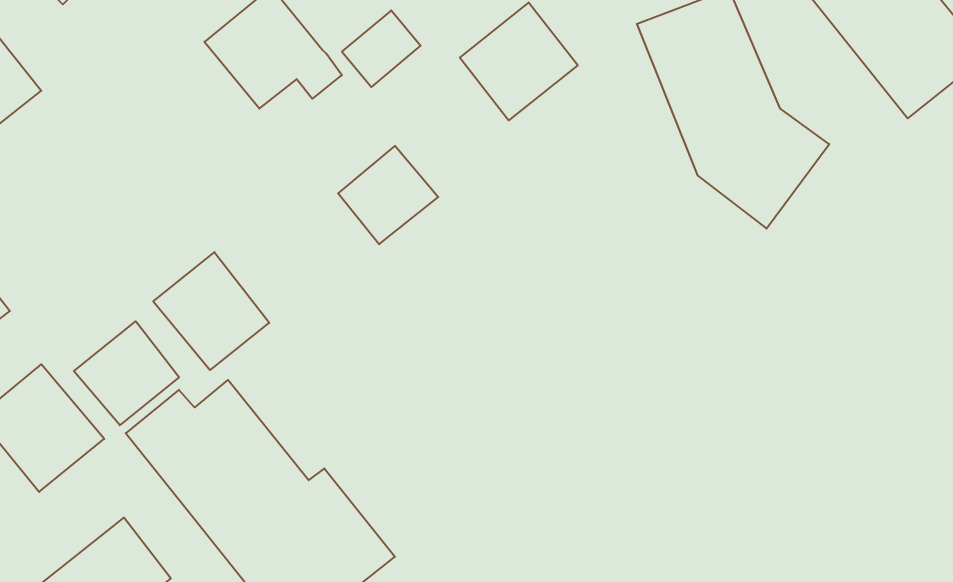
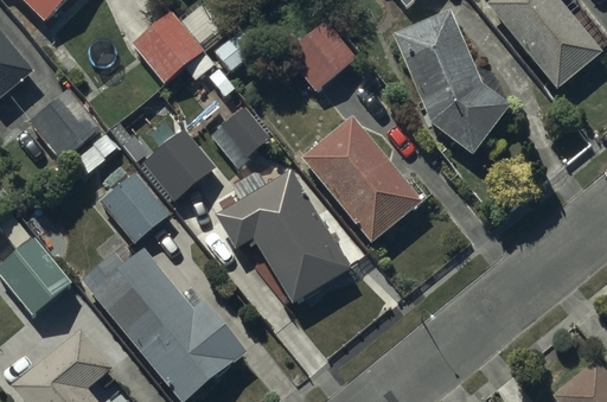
building: none -> [30,89,101,159]
building: none -> [301,114,423,243]
building: none -> [143,128,217,200]
building: none -> [216,171,352,304]
building: [74,321,179,425] -> none

